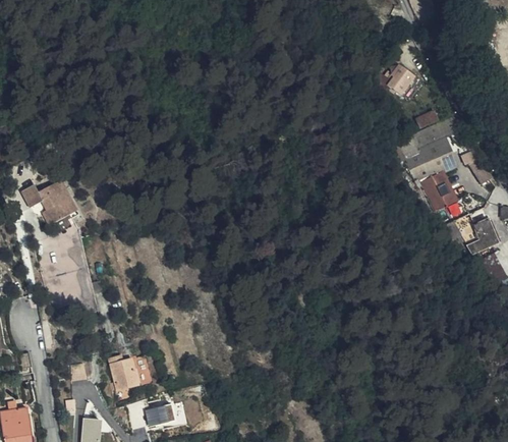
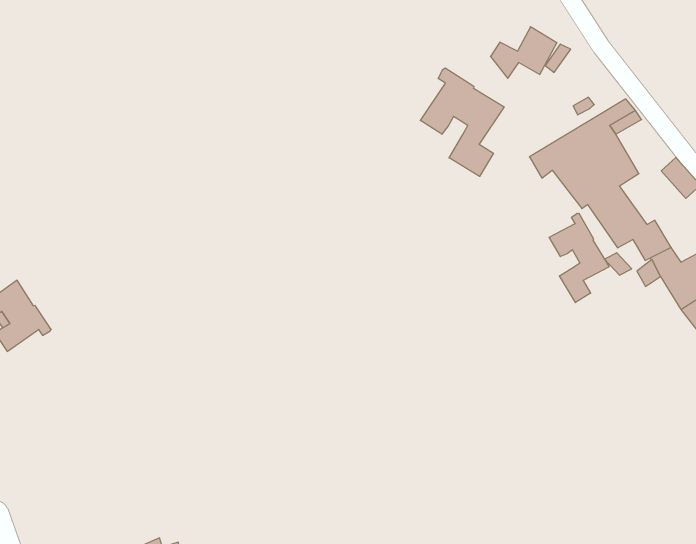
building: none -> [420,68,504,176]
building: none -> [549,213,609,303]

